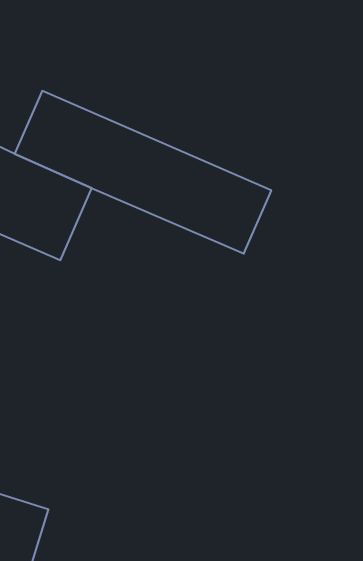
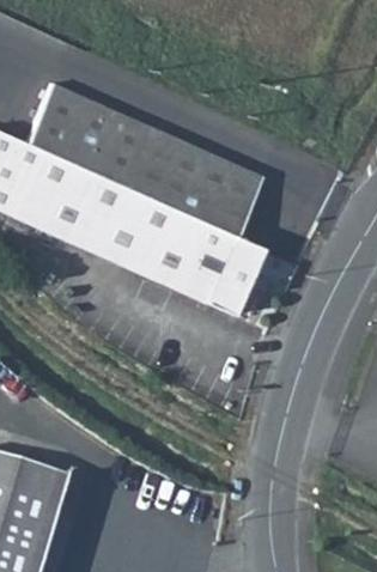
building: none -> [74,177,268,315]

